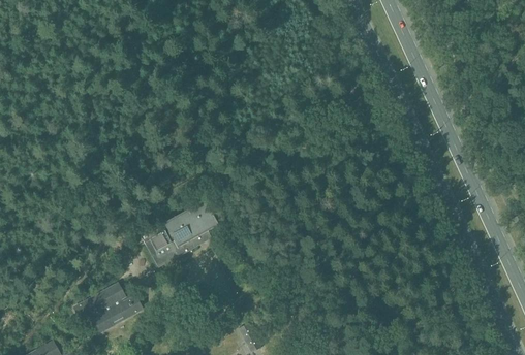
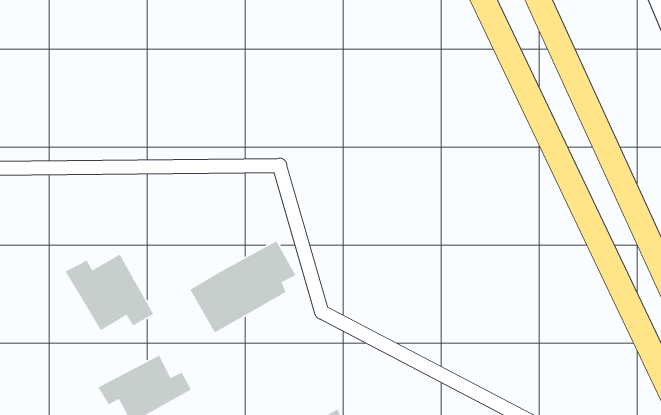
building: none -> [64,253,154,331]

